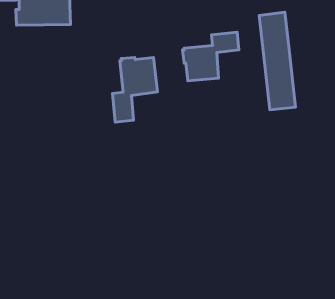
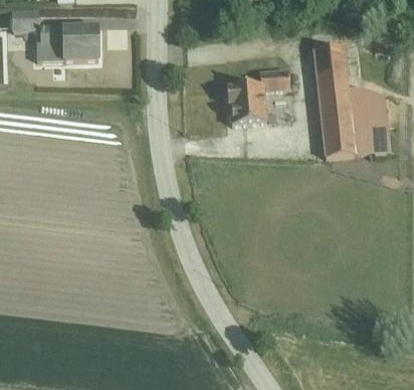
building: none -> [348,83,391,151]
building: [112,58,158,122] -> none

